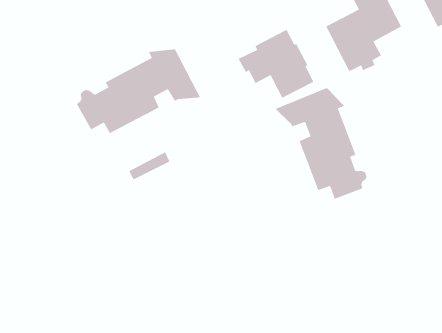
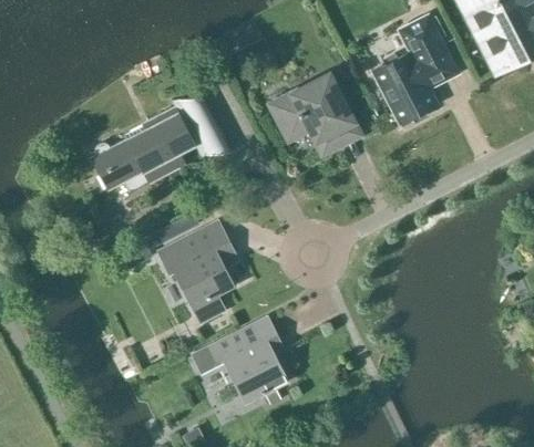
building: [275,87,367,200] -> none
building: none -> [158,222,237,322]
building: none -> [192,319,286,403]

